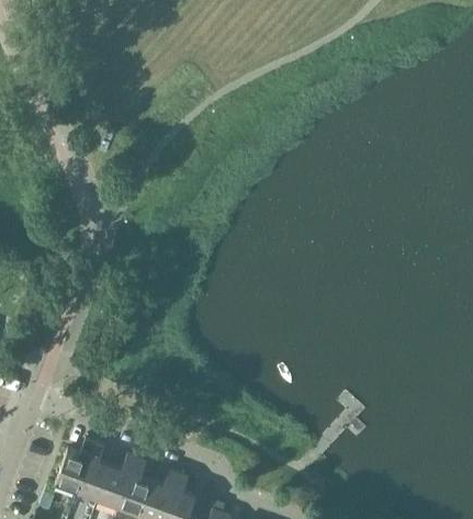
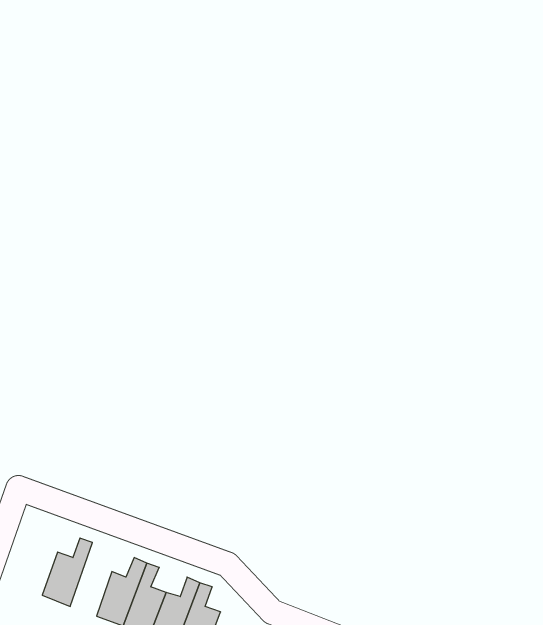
building: [77,444,110,503] -> none

